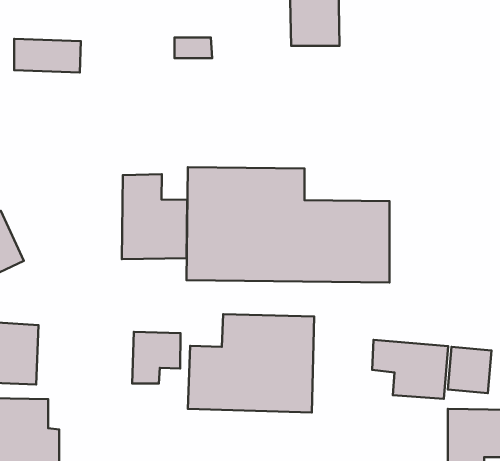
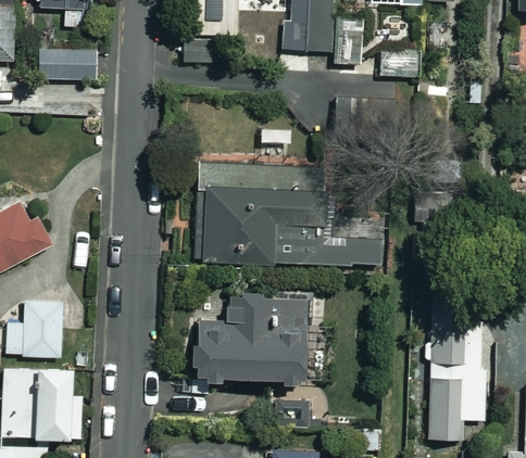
building: [122,174,187,259] -> none
building: [132,332,180,384] -> none
building: [372,340,448,399] -> none

